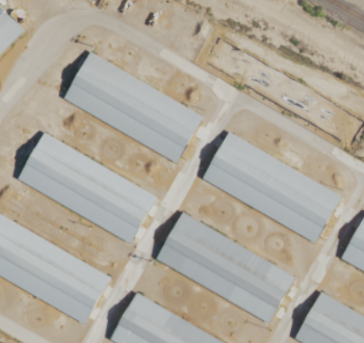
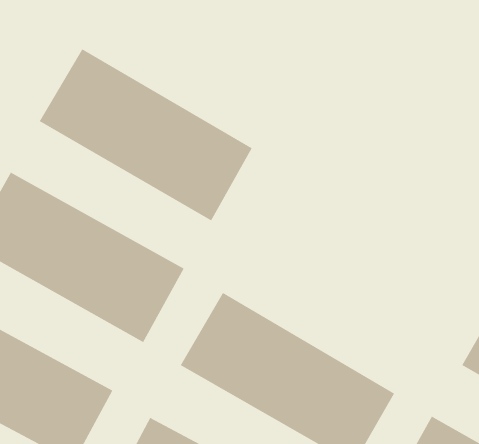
building: [202,130,342,243] -> none

